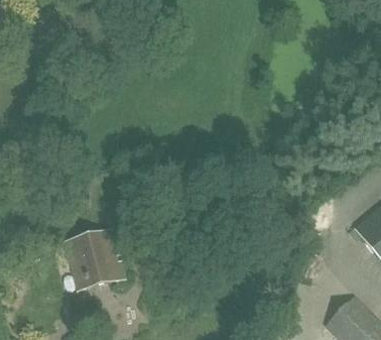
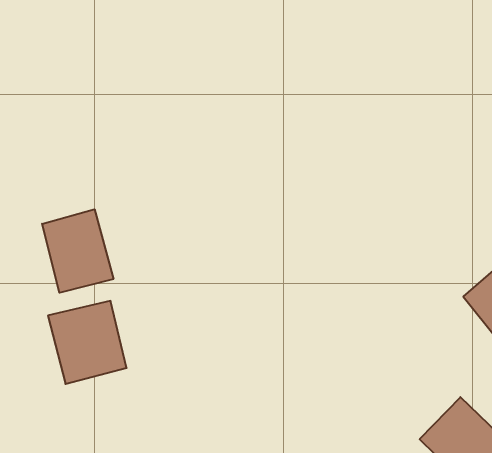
building: none -> [42,209,113,293]

